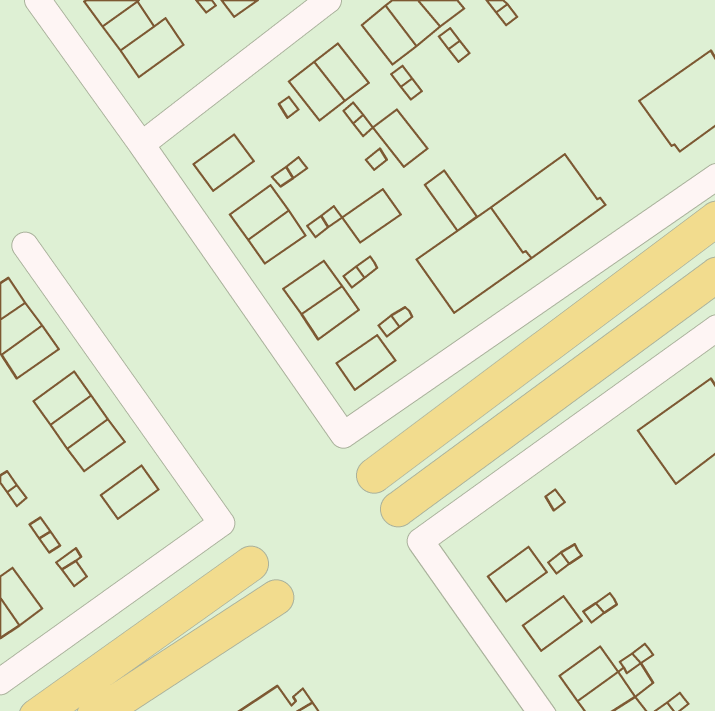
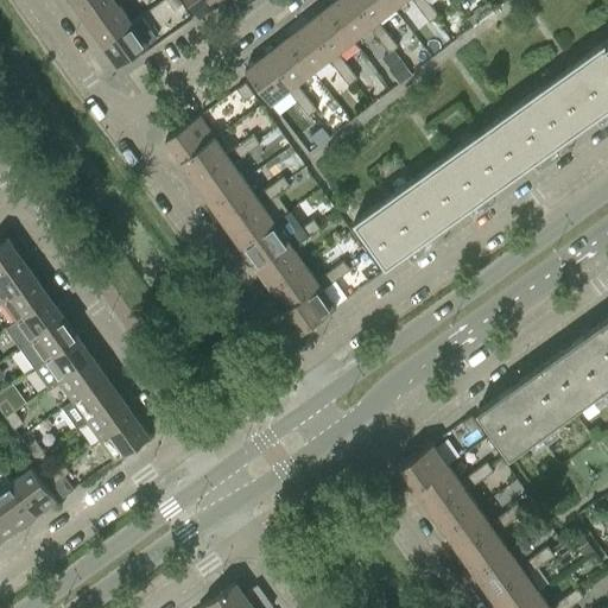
building: none -> [480,90,577,178]
building: [373,109,428,167] -> [287,26,334,75]
building: none -> [182,141,230,186]
building: [425,171,477,231] -> none
building: [342,189,401,243] -> [226,204,276,249]
building: none -> [271,267,321,312]
building: none -> [15,300,64,344]
building: none -> [477,369,574,460]
building: none -> [72,379,121,424]
building: none -> [101,419,150,464]
building: none -> [399,446,449,493]
building: none -> [12,470,58,520]
building: none -> [430,489,479,534]
building: none -> [460,531,509,577]

